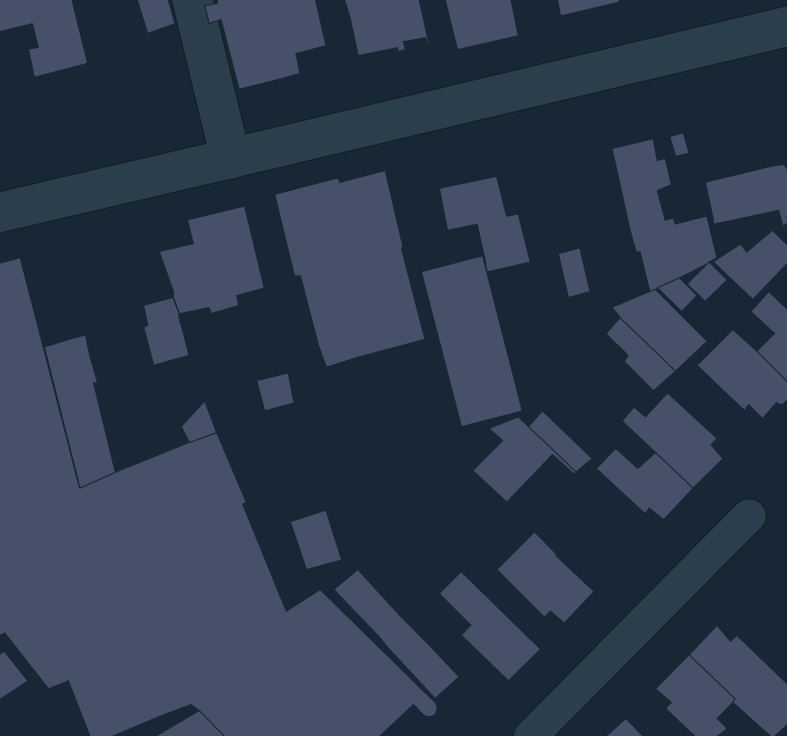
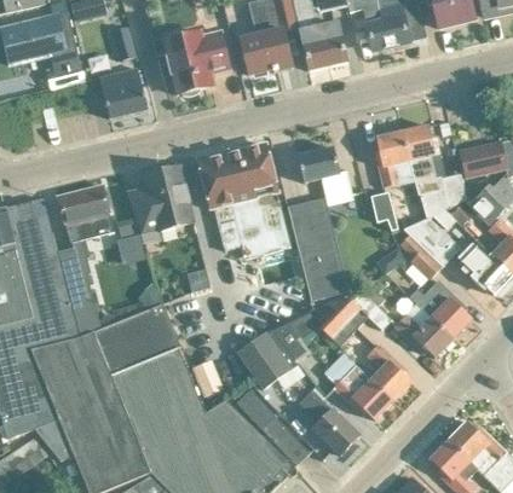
building: none -> [99,68,146,118]
building: none -> [374,130,414,187]
building: none -> [58,185,114,243]
building: none -> [236,311,318,390]
building: none -> [365,342,410,400]

